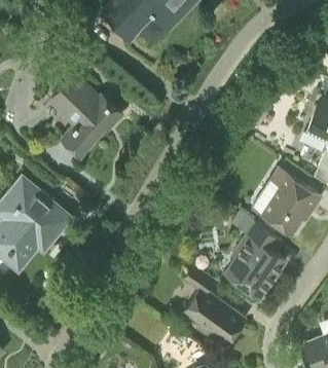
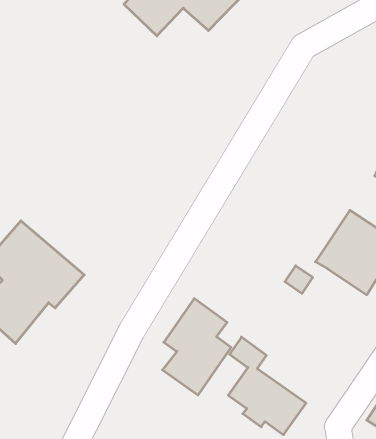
building: [51,77,121,154] -> none
building: [231,222,285,297] -> [162,299,231,395]

